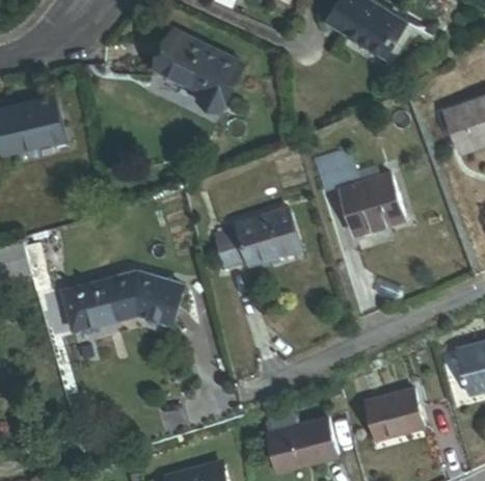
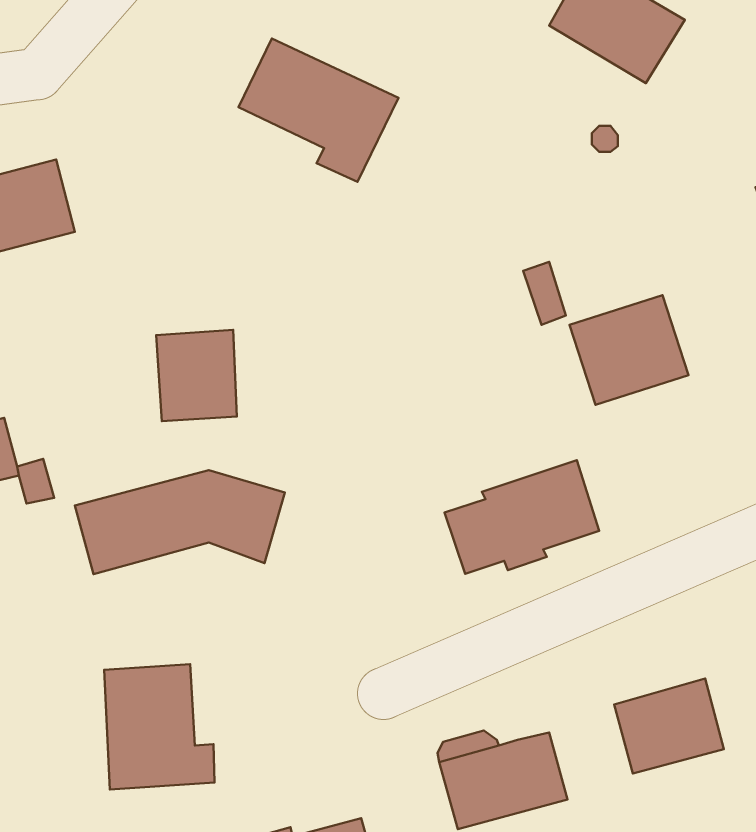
building: none -> [156,330,237,421]
building: [212,205,298,268] -> [445,460,599,574]
building: none -> [104,664,215,790]

